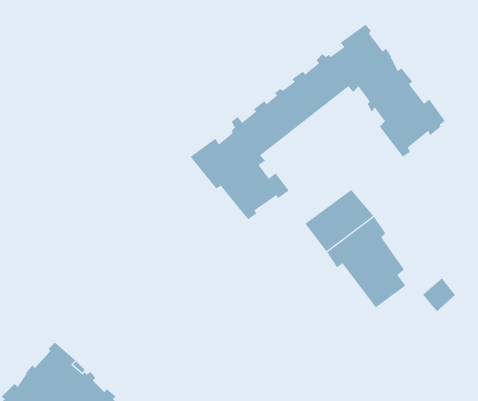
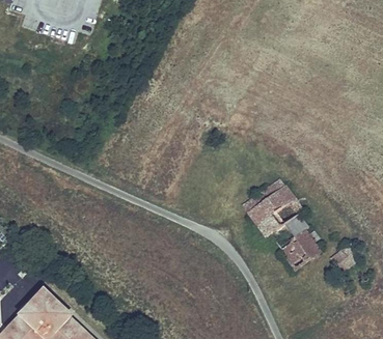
building: [190,24,445,220] -> none

